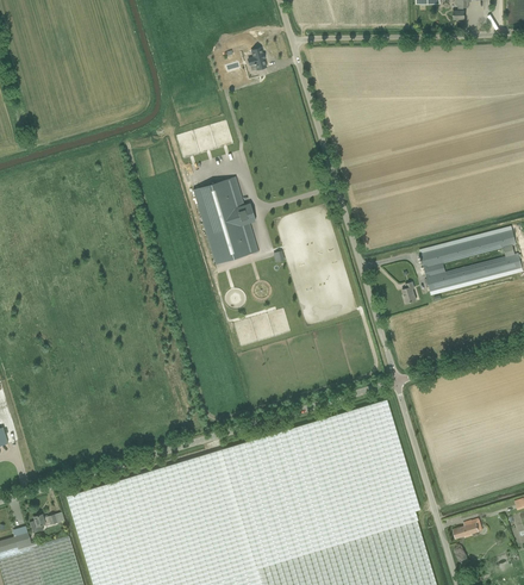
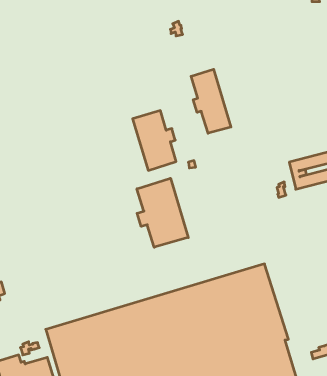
building: none -> [191,69,231,133]
building: none -> [137,178,188,247]

